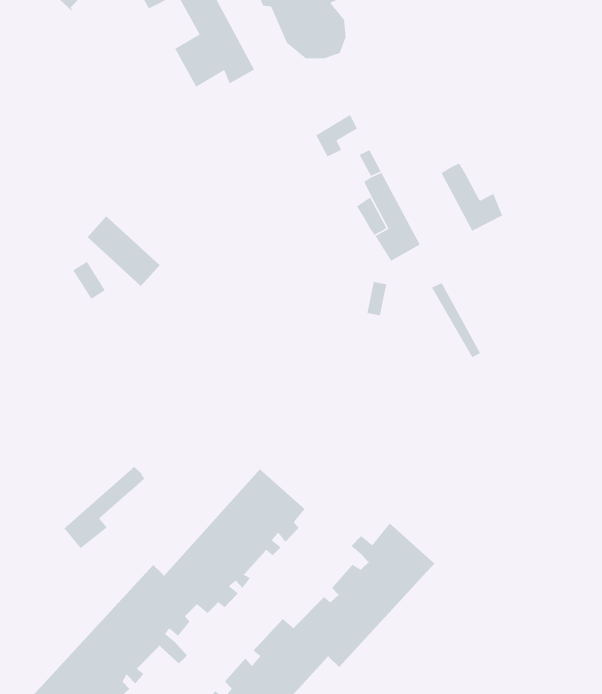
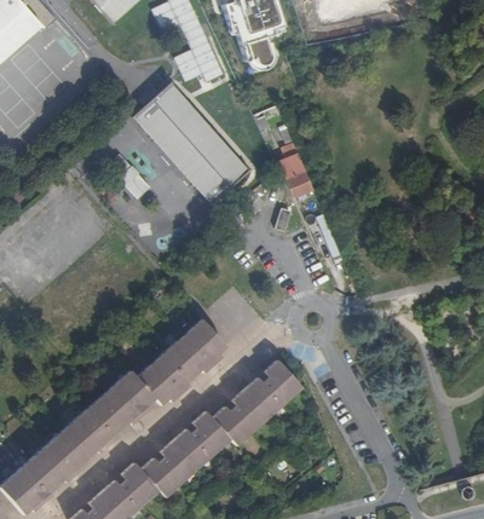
building: none -> [133,83,250,207]
building: [441,162,503,232] -> none
building: [63,466,145,549] -> none

